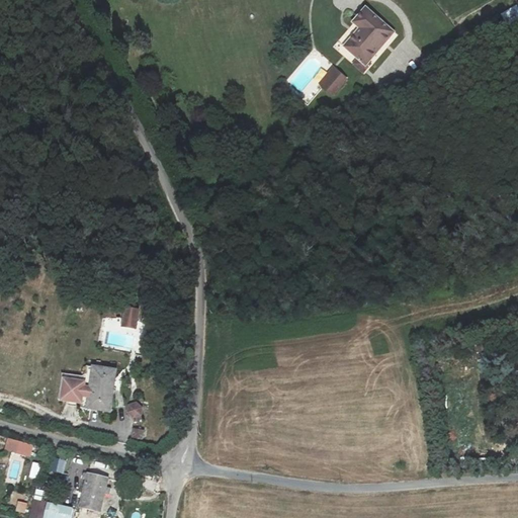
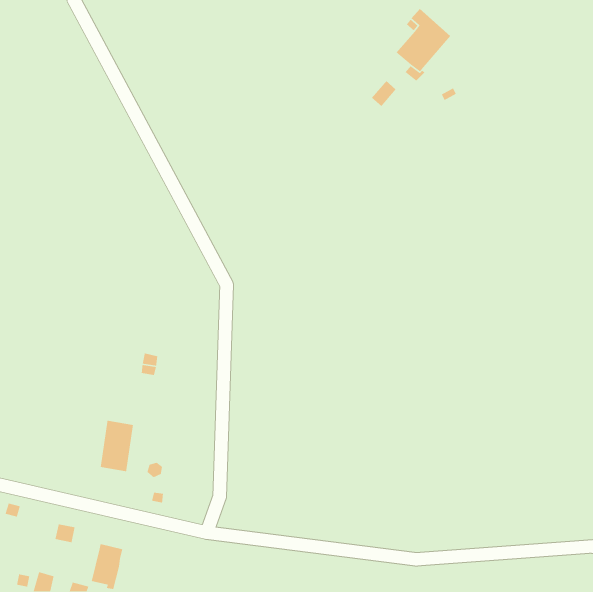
building: [64,378,87,402] -> none

